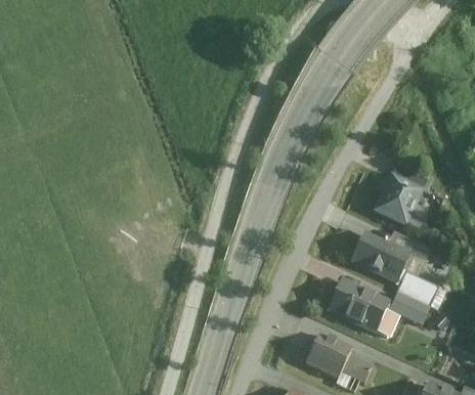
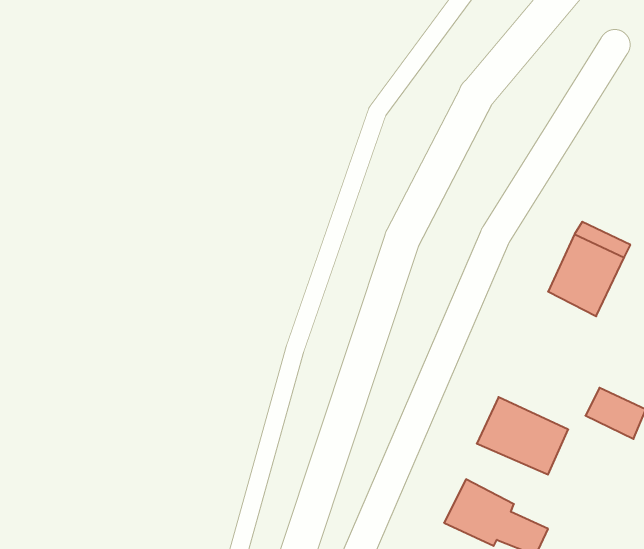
building: [348,230,408,281] -> none
building: [389,291,429,323] -> none

